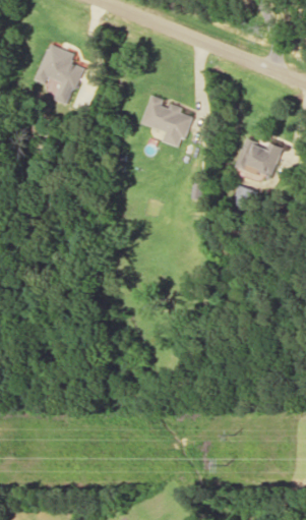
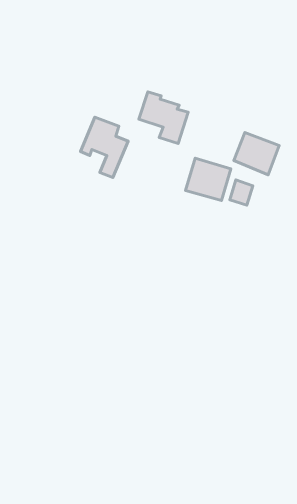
building: [35,45,82,106] -> [81,117,128,178]
building: none -> [185,158,231,200]

